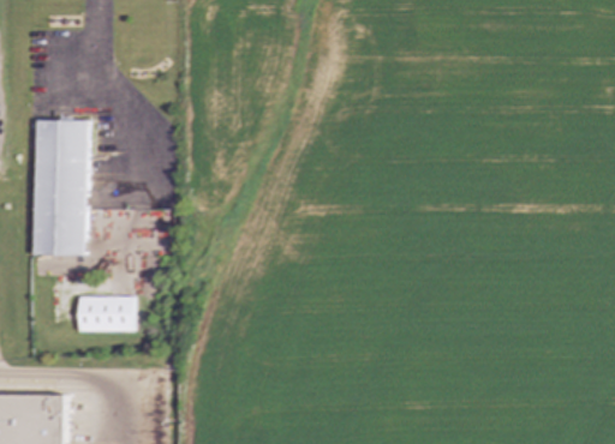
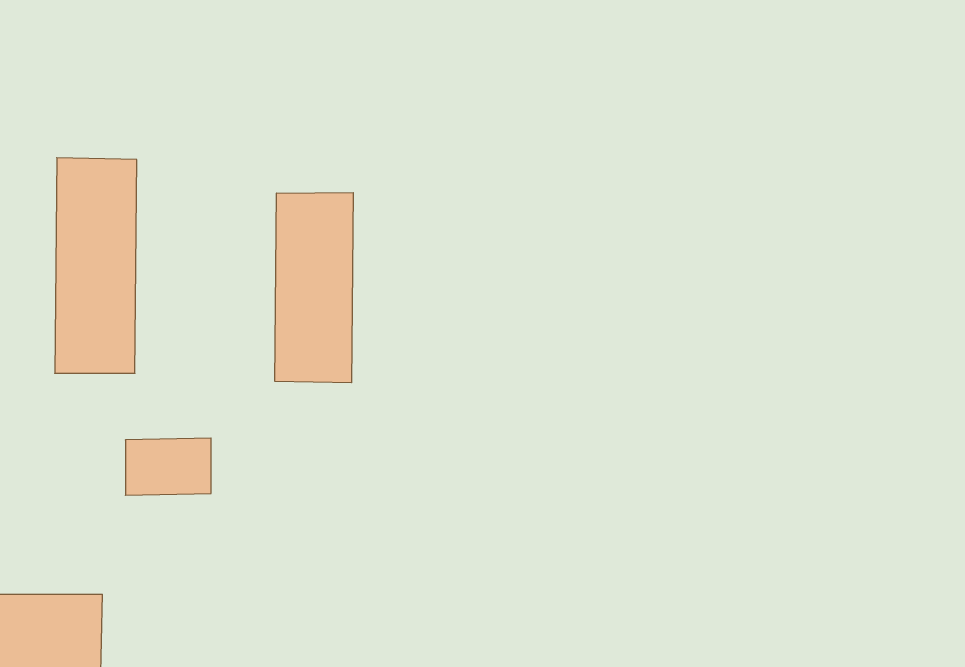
building: none -> [275,193,353,383]

